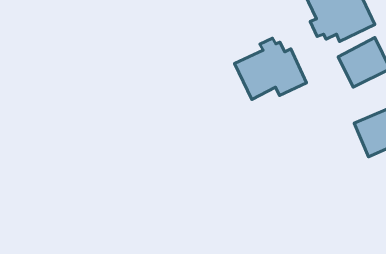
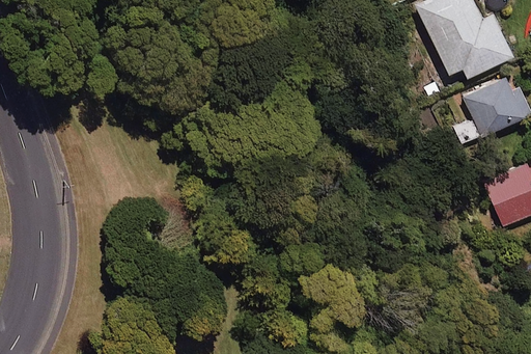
building: [235,38,307,99] -> none

